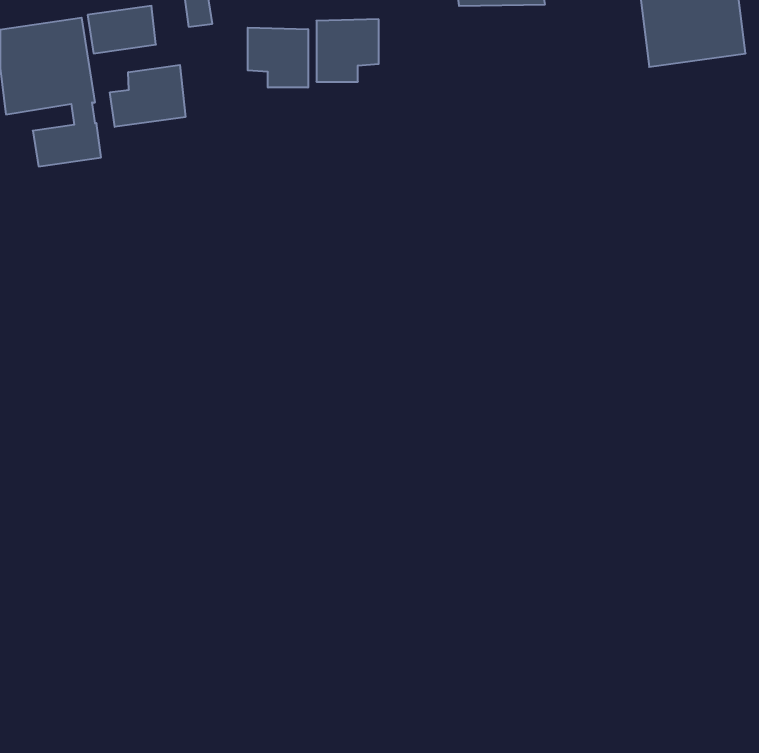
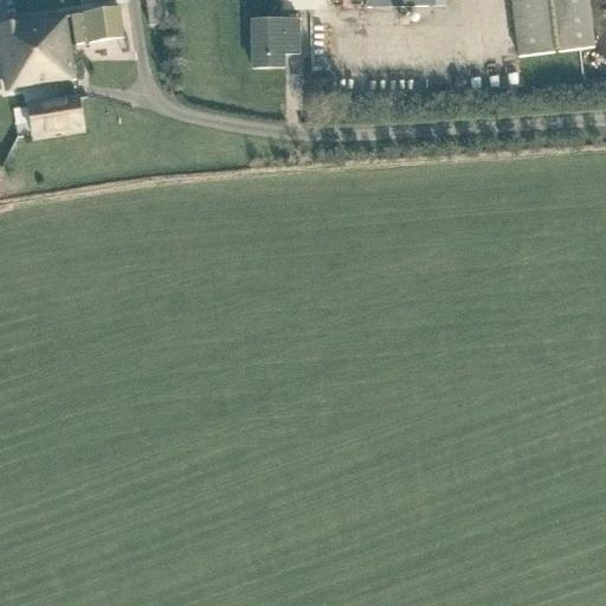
building: [248,28,308,88] -> none
building: [110,65,185,127] -> none

